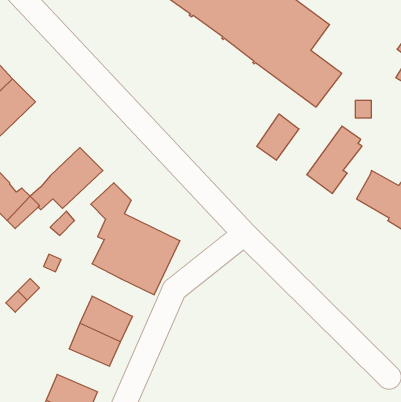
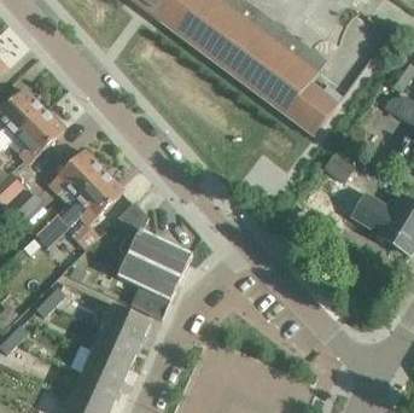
building: [257,114,299,160] -> none
building: none -> [51,150,103,196]
building: none -> [129,287,169,321]
building: none -> [82,350,129,389]

